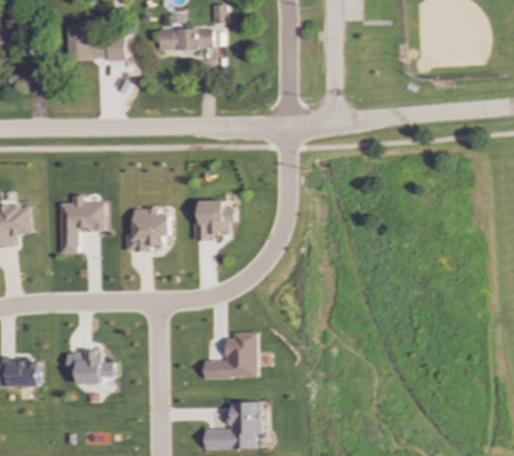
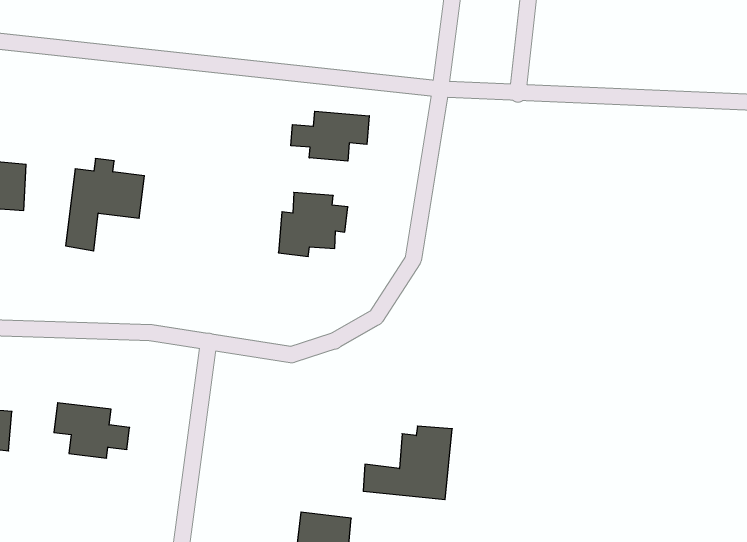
building: none -> [291,111,369,161]
building: [126,208,171,251] -> none
building: [204,331,257,378] -> [363,426,452,500]

